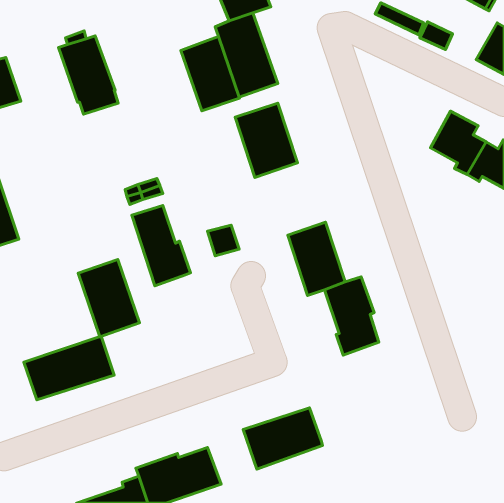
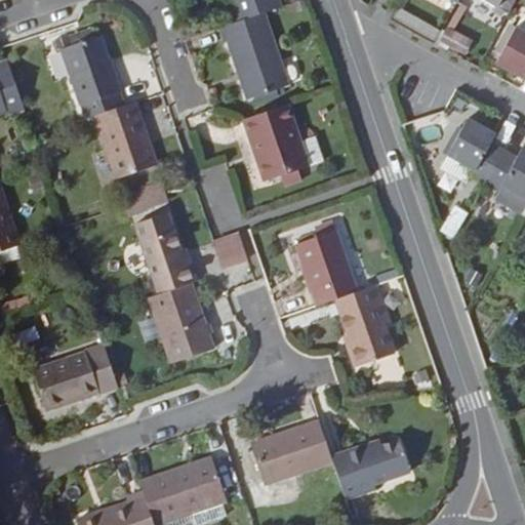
building: [181,37,239,111] -> [94,103,155,179]
building: [78,259,140,337] -> [151,284,214,364]
building: none -> [332,440,412,498]

